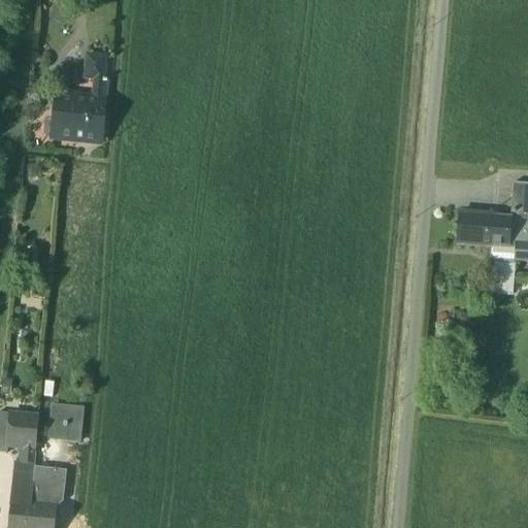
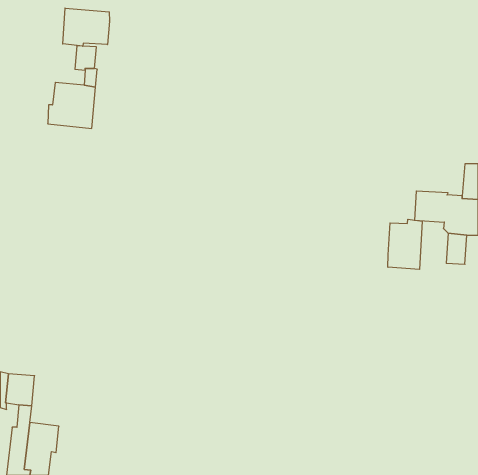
building: none -> [63,8,109,46]
building: none -> [388,219,422,269]
building: [48,402,82,439] -> none

